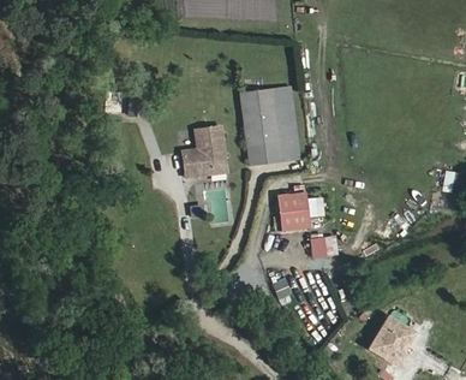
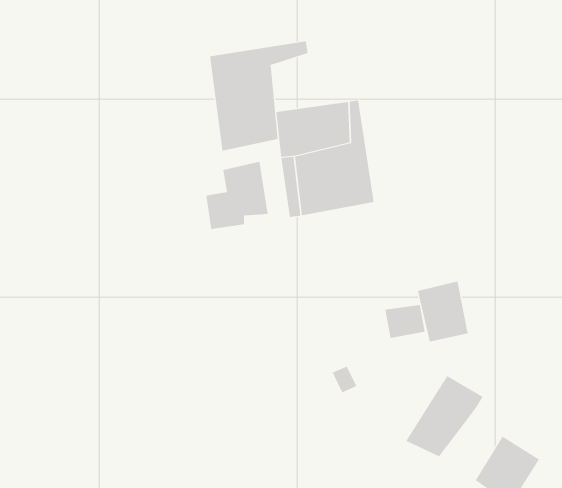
building: none -> [209,40,308,151]
building: [280,190,316,233] -> [417,281,468,342]
building: none -> [406,375,483,457]

